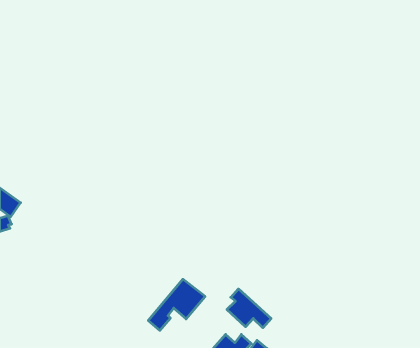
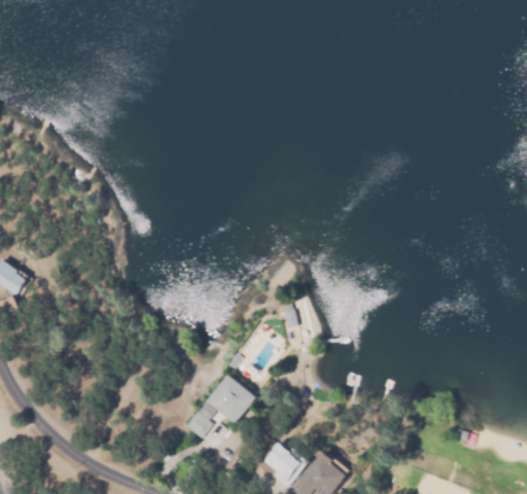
building: [227,289,271,328] -> none

